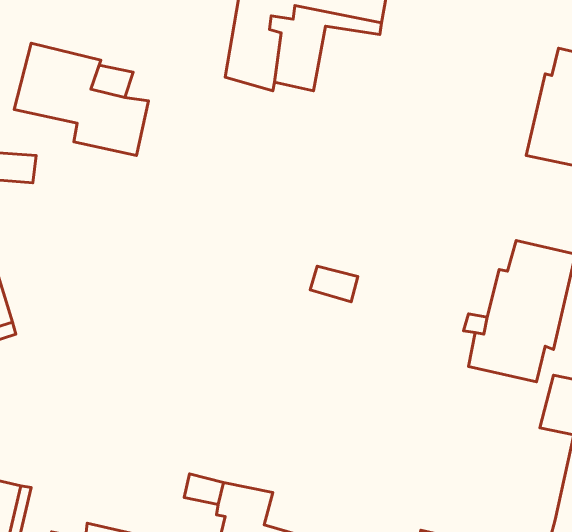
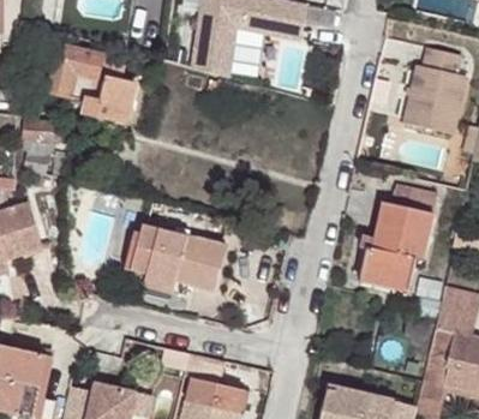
building: none -> [126,222,228,289]

